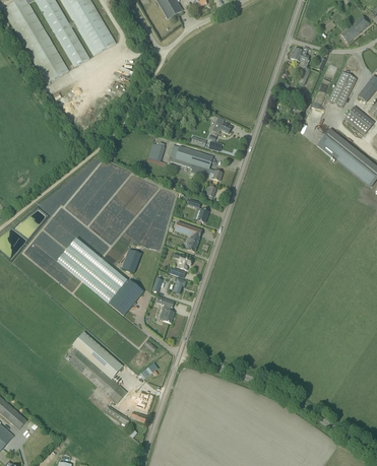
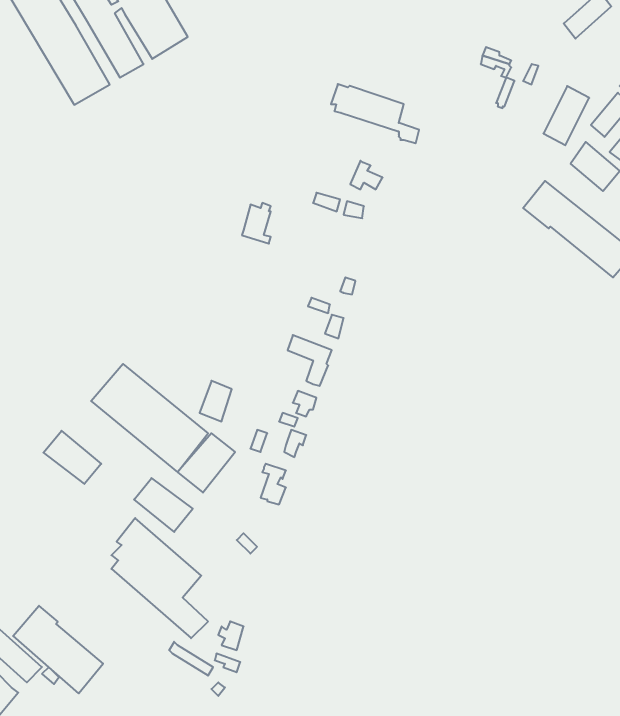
building: [169,144,222,180] -> [331,84,419,143]
building: none -> [43,431,101,484]
building: none -> [134,478,193,532]
building: none -> [13,606,103,693]

